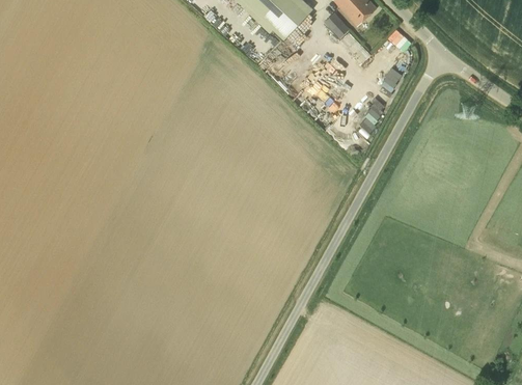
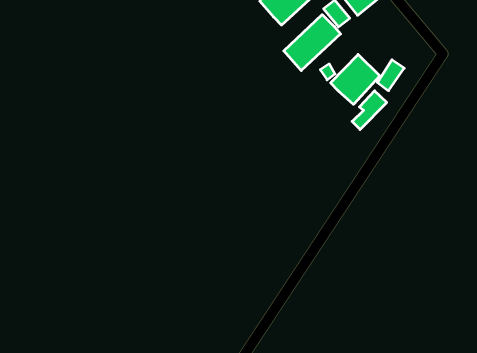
building: none -> [284,15,341,71]
building: none -> [331,54,380,104]

